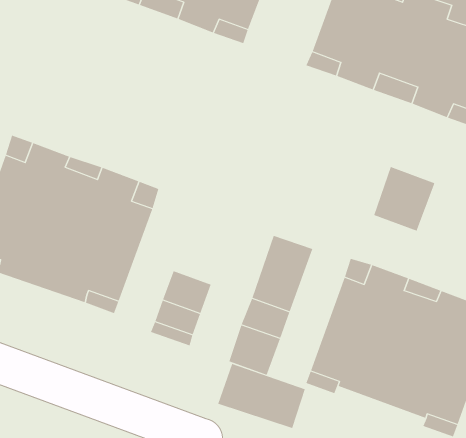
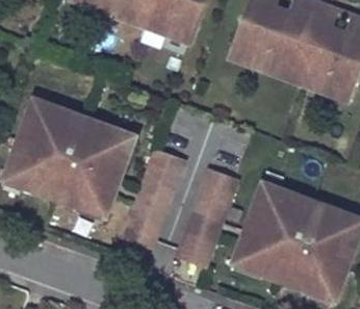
building: [374,166,435,231] -> none
building: none -> [142,150,183,202]
building: [218,363,306,429] -> none

